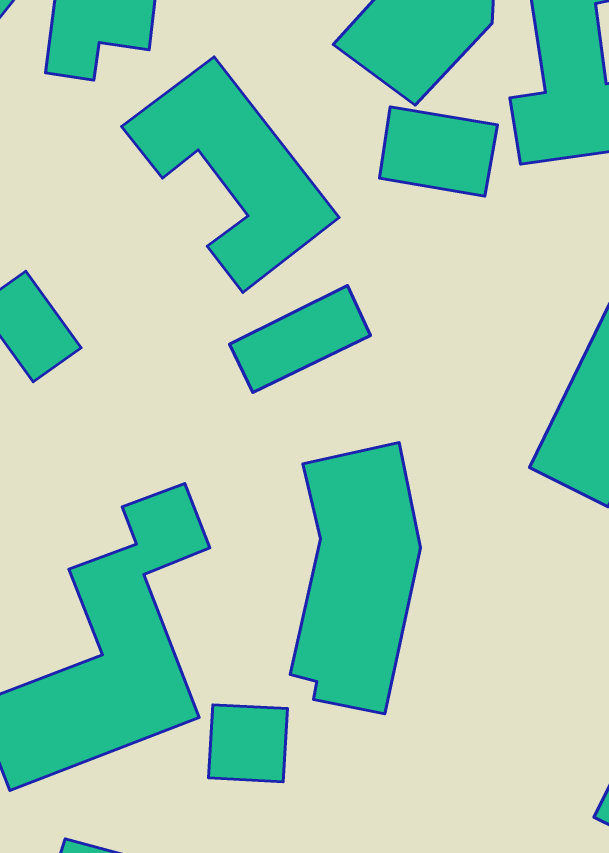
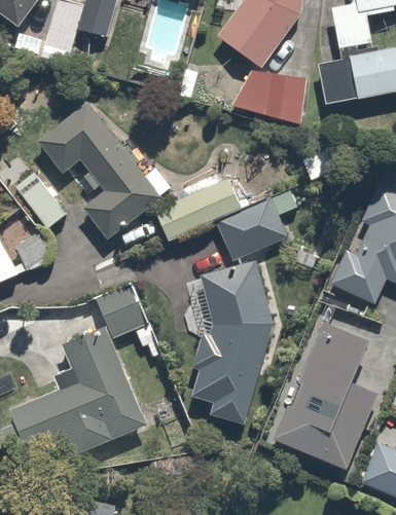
building: [121,57,339,292] -> [37,101,163,236]
building: none -> [214,193,303,259]
building: none -> [268,319,371,471]
building: [209,705,288,782] -> none

